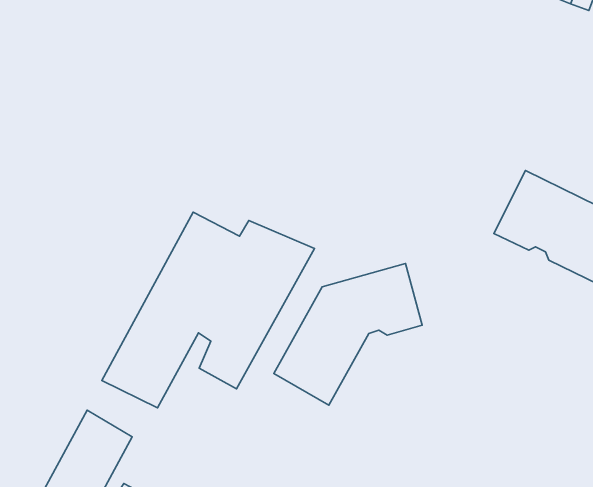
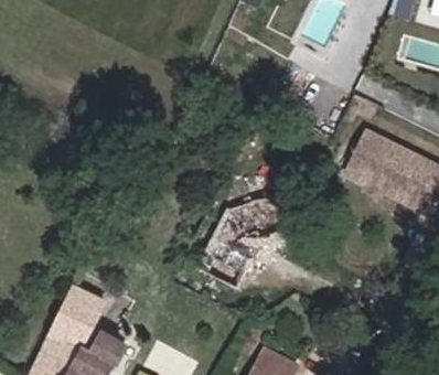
building: [102,212,314,408] -> none

